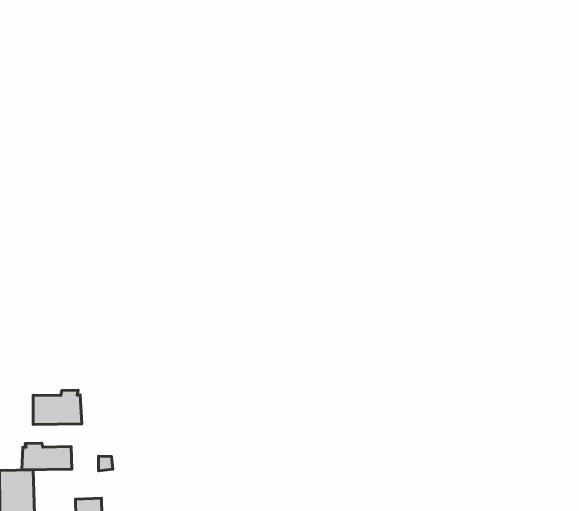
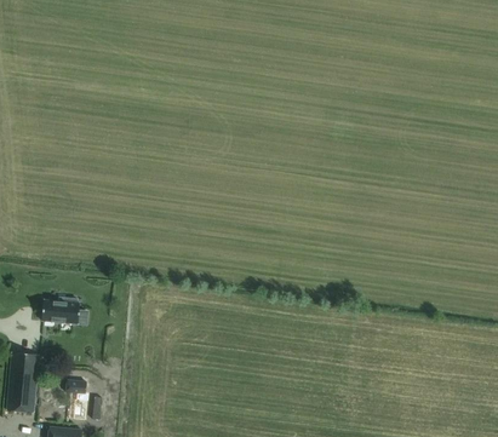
building: [22,443,72,470] -> none

